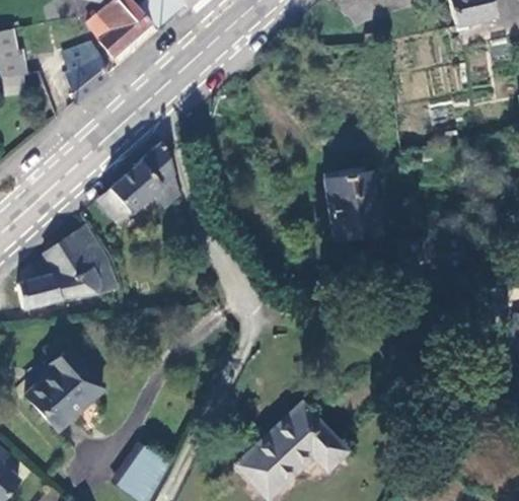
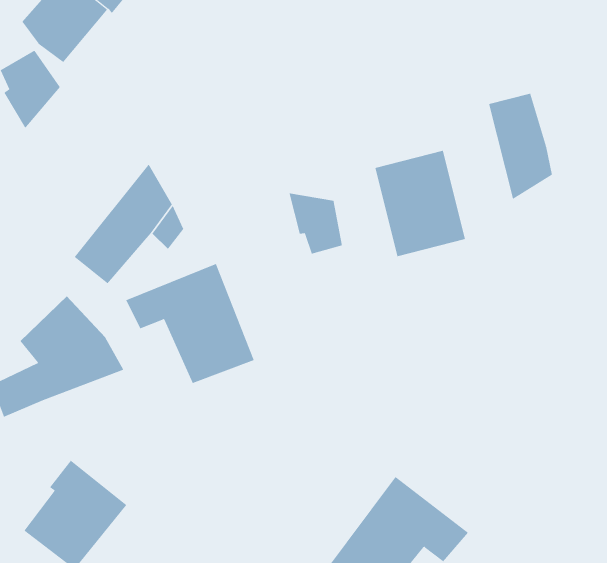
building: none -> [488,93,552,200]
building: none -> [289,192,343,254]
building: none -> [126,263,254,384]

